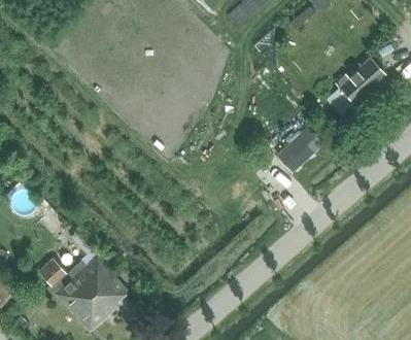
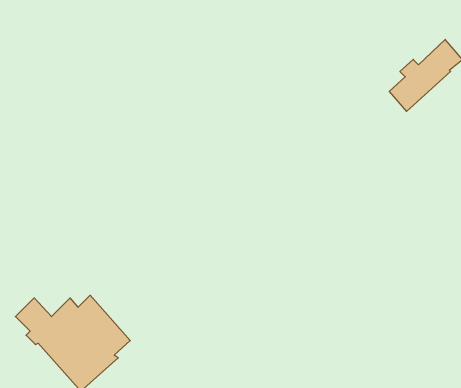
building: [278,129,323,171] -> none

